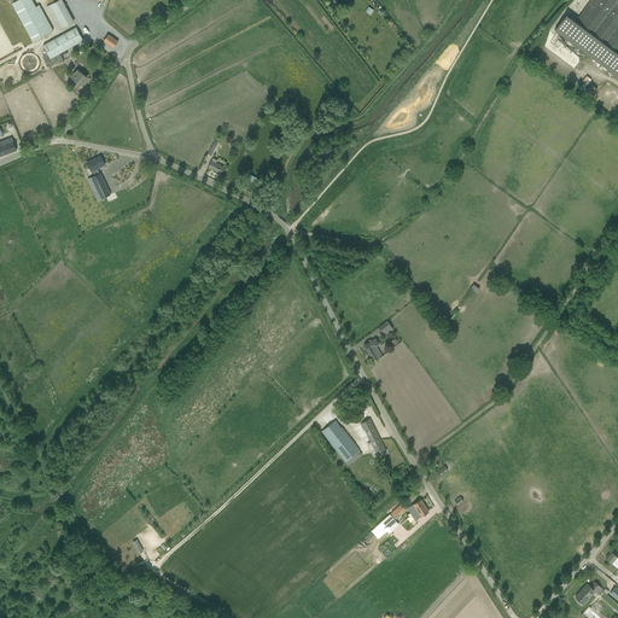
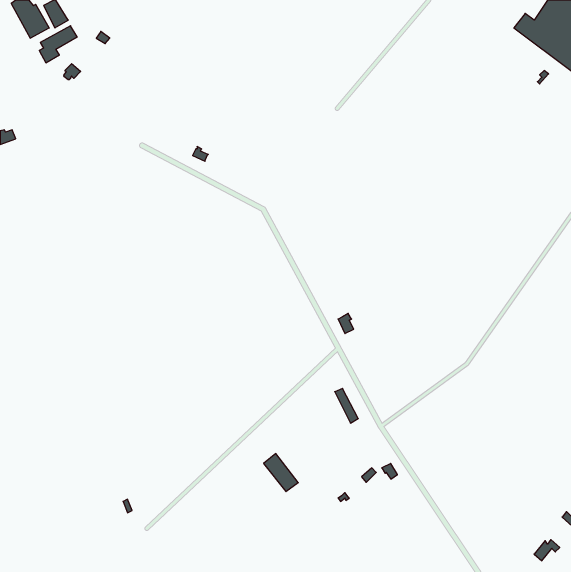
building: [87,154,112,200] -> none
building: [322,420,360,461] -> [264,454,298,492]

